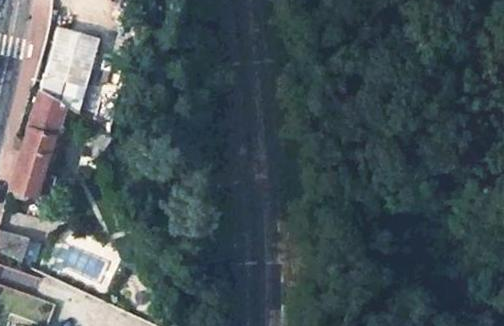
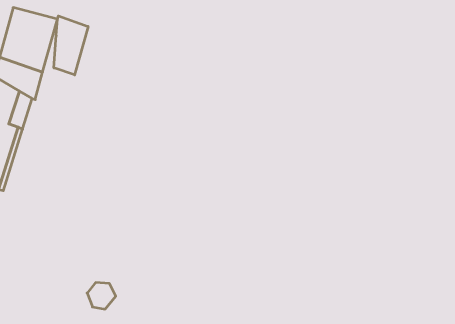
building: none -> [54,16,88,75]

